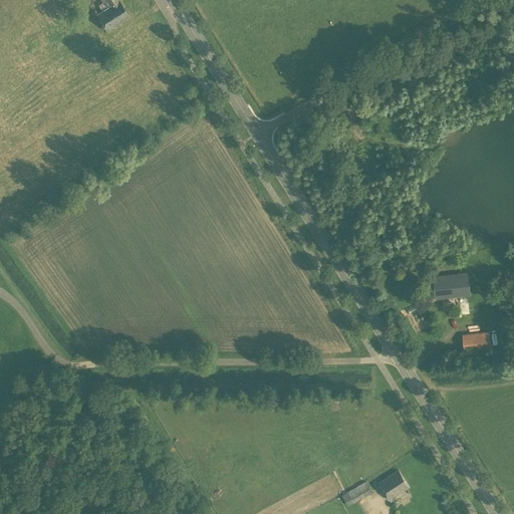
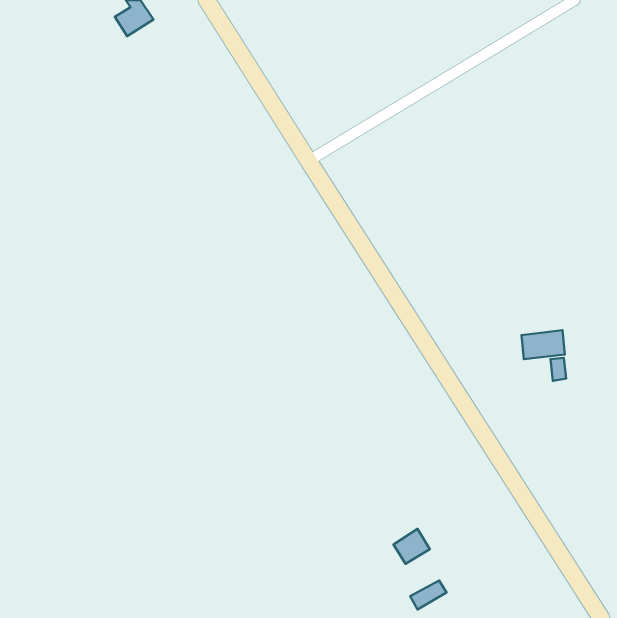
building: [461,331,489,351] -> none
building: [377,470,408,499] -> [393,529,430,564]

